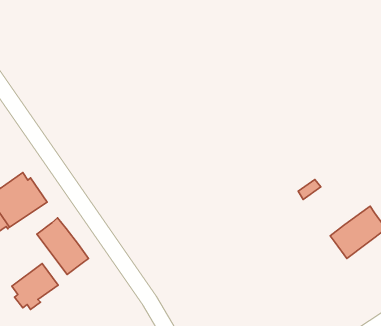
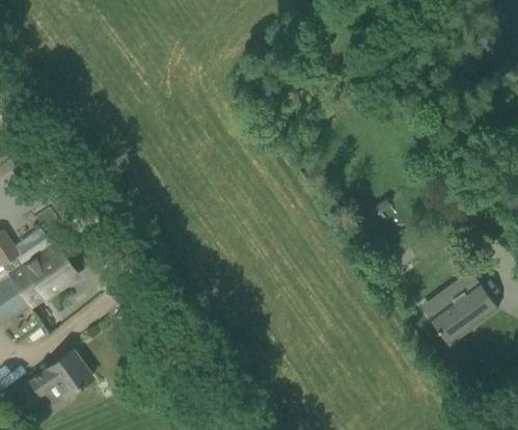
building: [37,218,89,275] -> none

